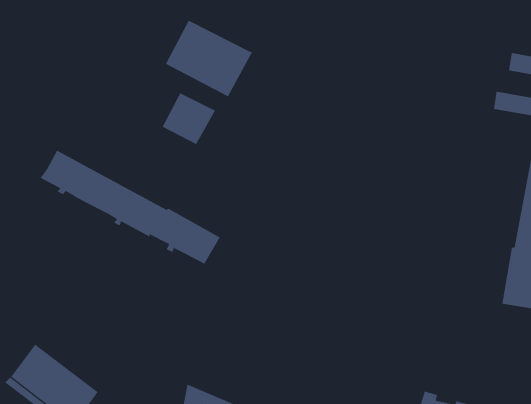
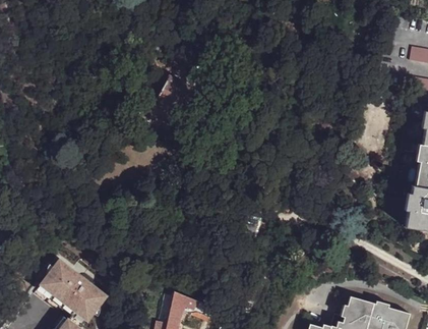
building: [165,20,253,97] -> none
building: [40,150,221,265] -> none

